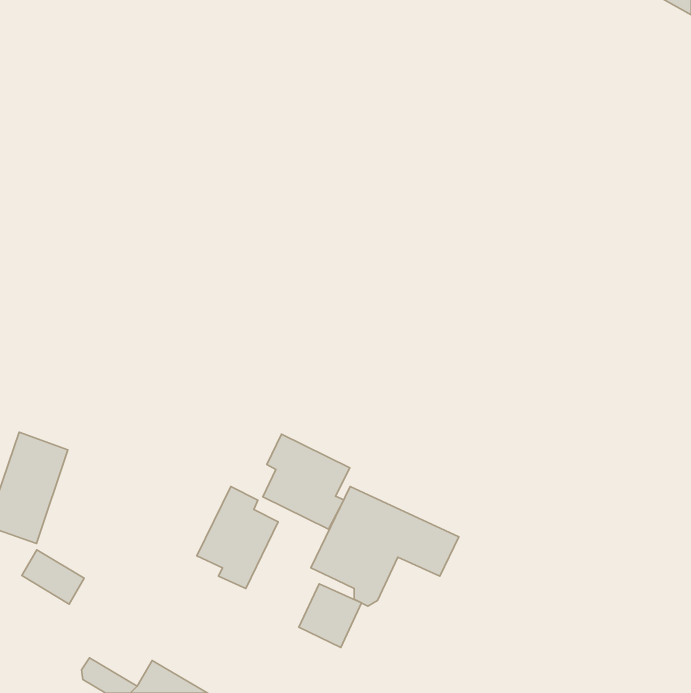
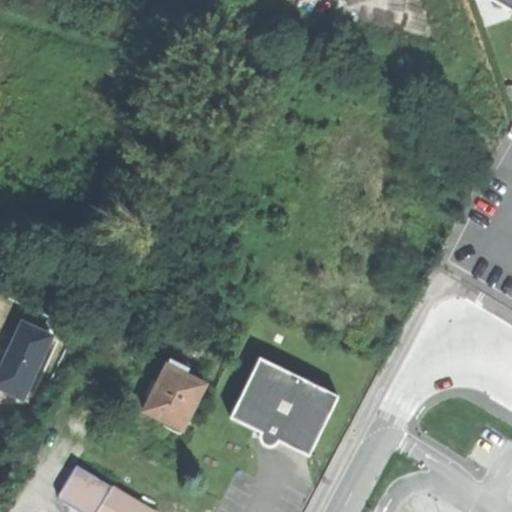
building: [263,434,350,529] -> none
building: [22,550,84,604] -> [66,465,112,505]
building: [299,584,361,648] -> [278,410,324,457]

